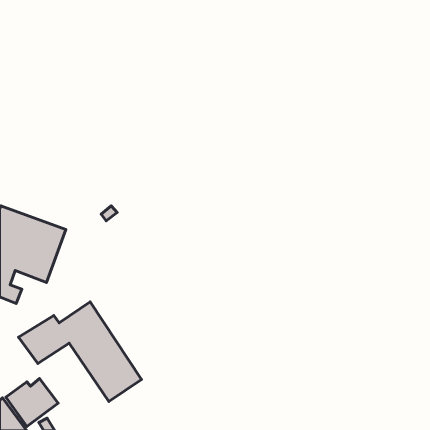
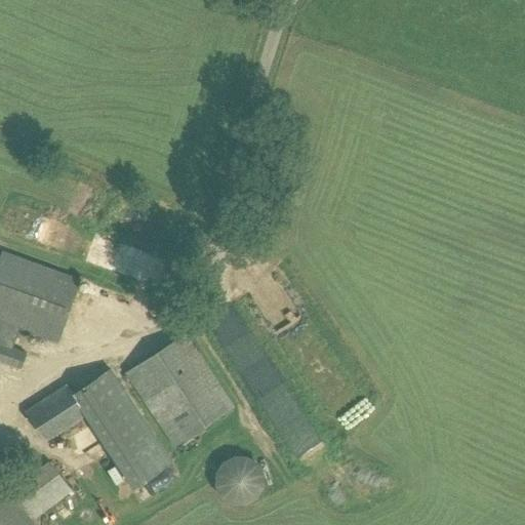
building: none -> [119,333,234,447]
building: none -> [212,454,262,506]

